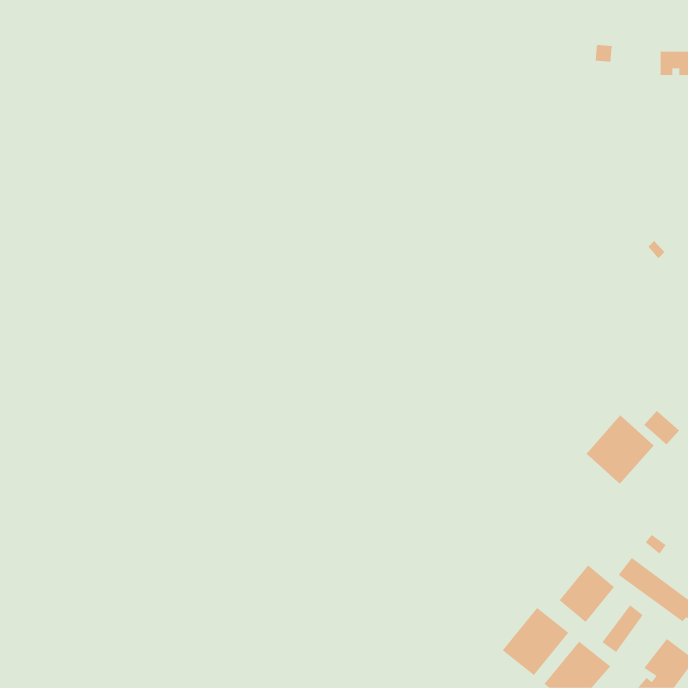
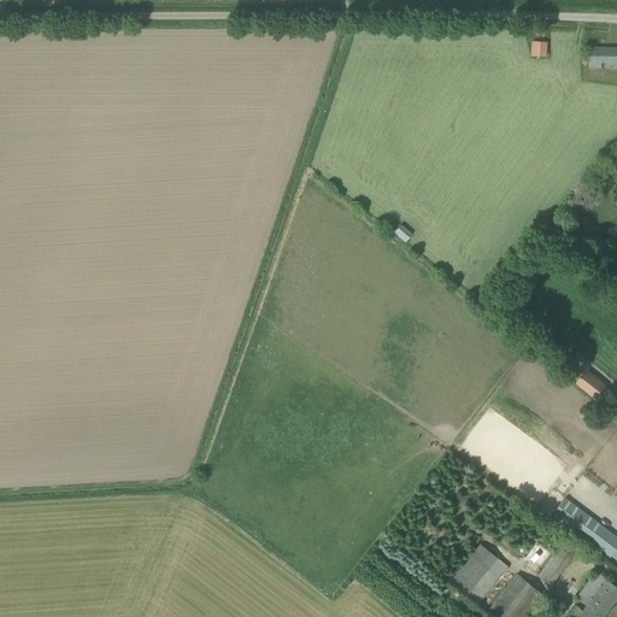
building: [586,415,654,485] -> none
building: [559,564,615,623] -> none

